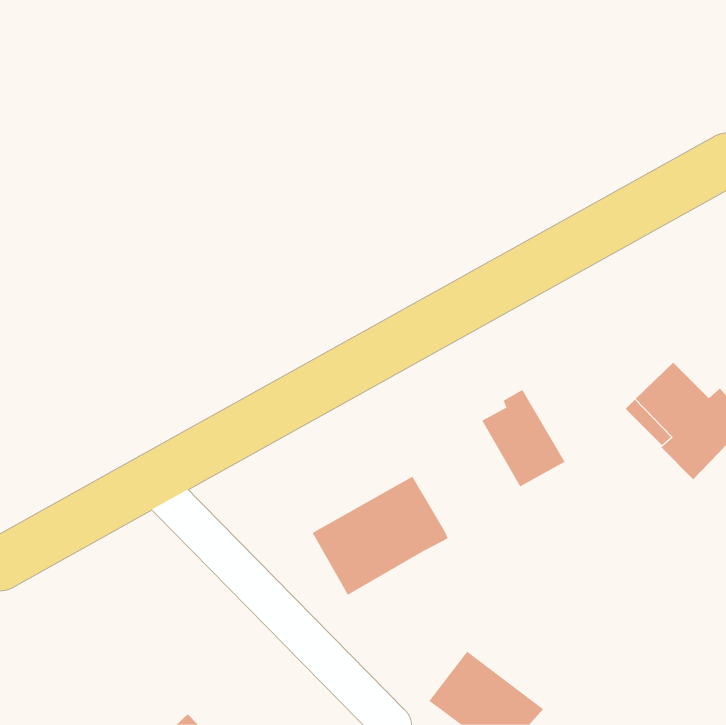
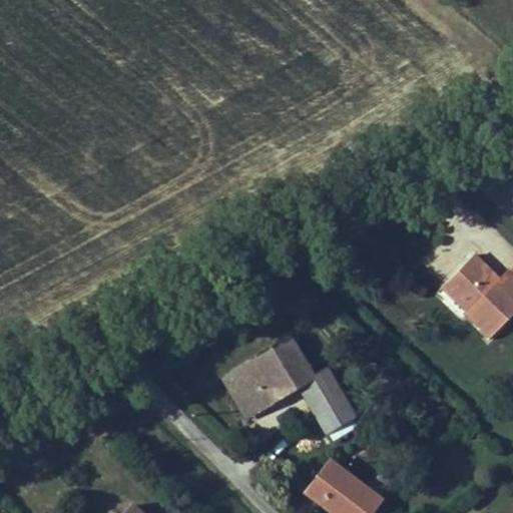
building: [481,389,565,487] -> [300,366,359,435]

